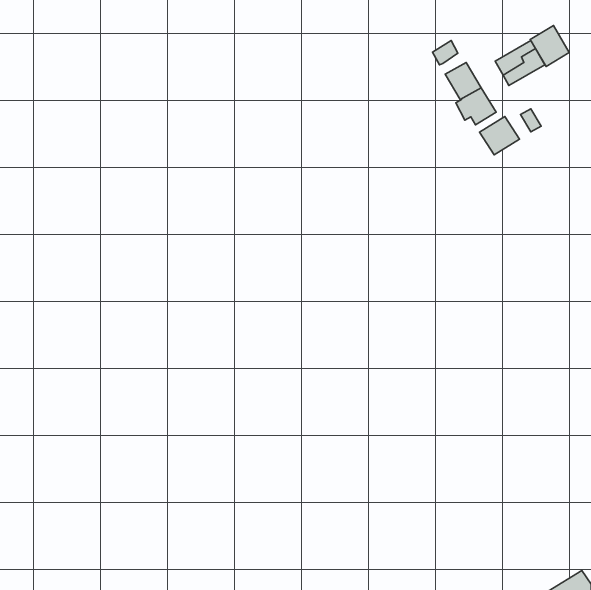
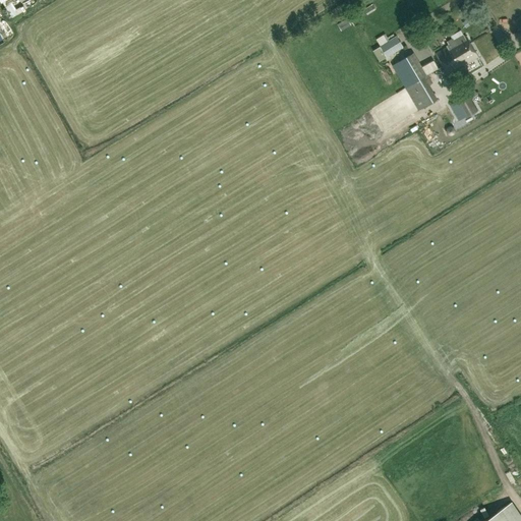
building: [530,25,569,67] -> none
building: [479,116,520,155] -> none

